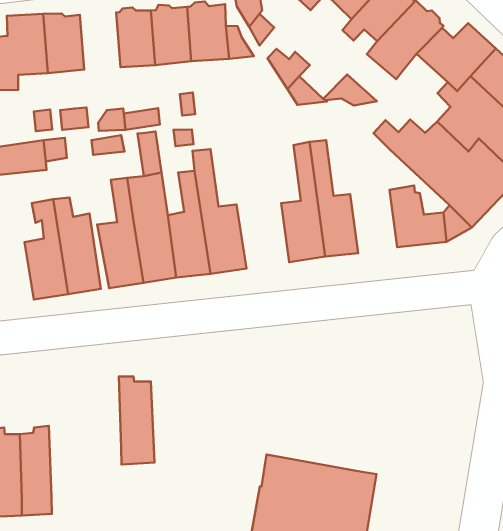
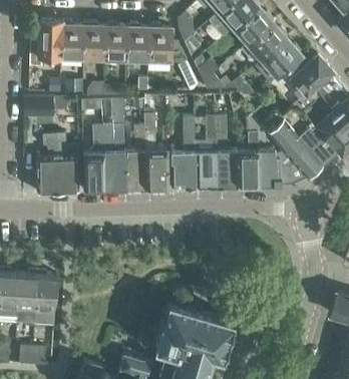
building: none -> [82,23,105,59]
building: none -> [235,115,262,186]
building: none -> [170,117,194,187]
building: [119,377,154,464] -> [34,271,57,325]

